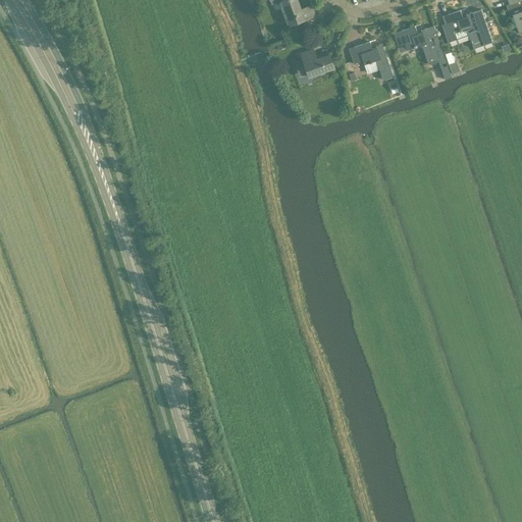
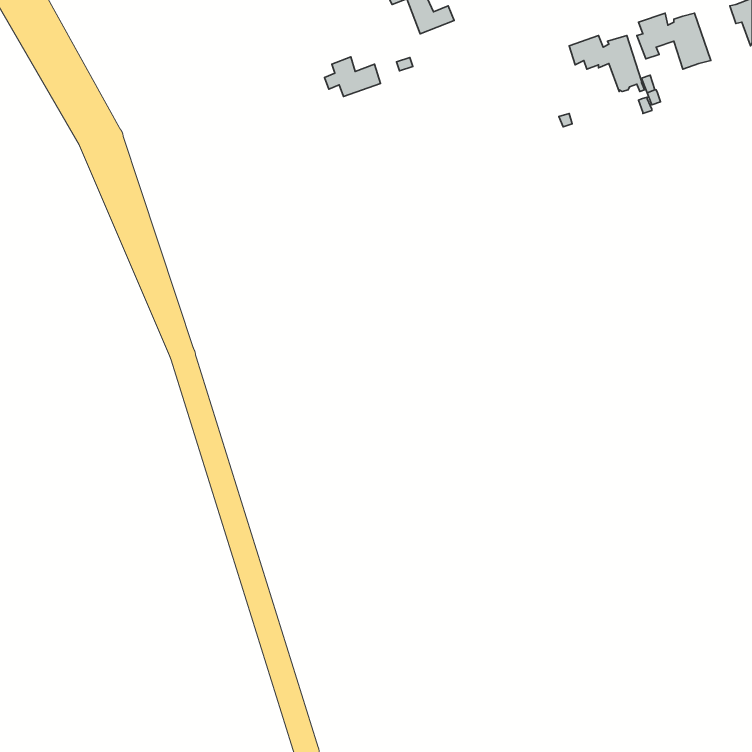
building: [348,41,393,79] -> none
building: [295,48,333,75] -> [324,57,380,97]

